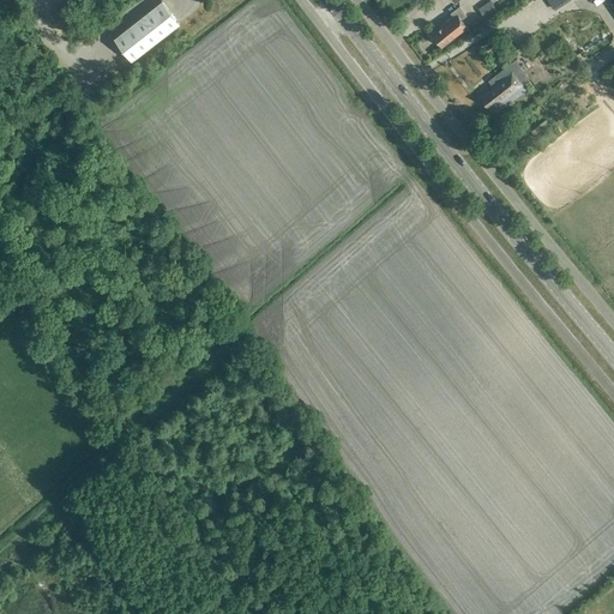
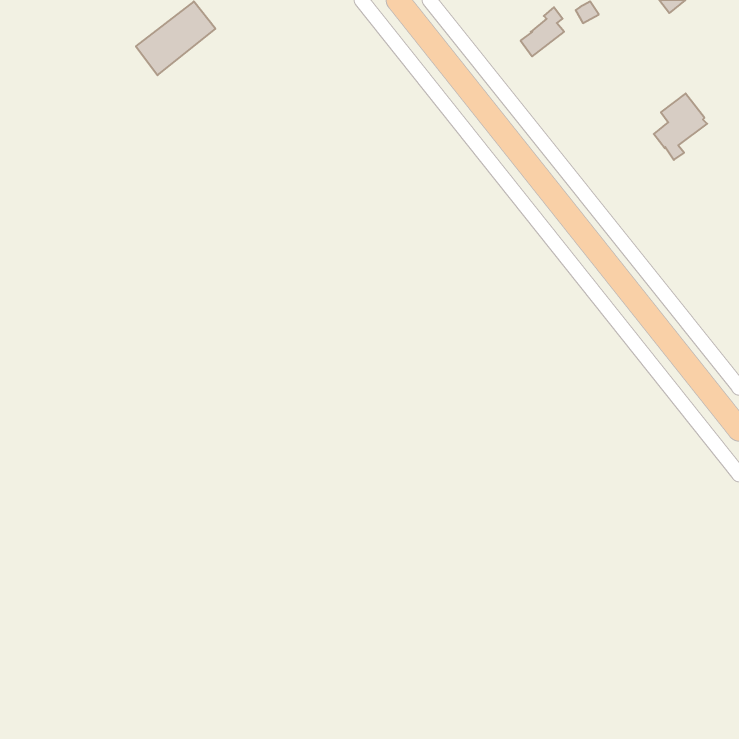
building: [481,65,525,120] -> [654,93,707,160]

